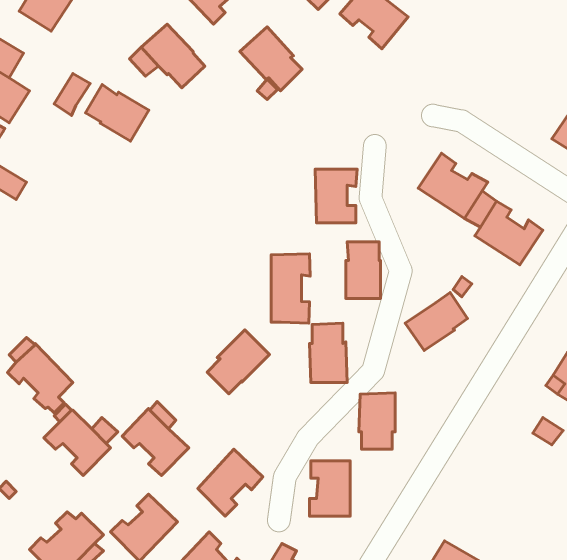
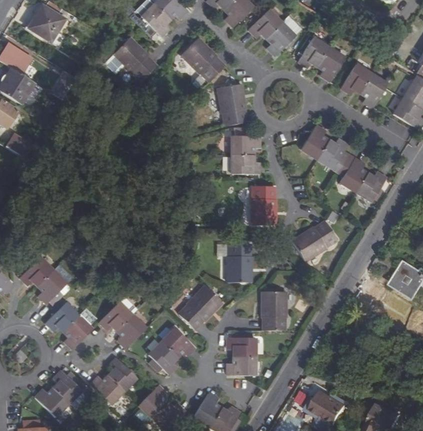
building: none -> [299,37,346,81]
building: none -> [342,64,388,108]
building: [86,84,149,141] -> none
building: none -> [216,83,246,126]
building: [271,254,310,323] -> none
building: [207,330,269,394] -> [178,285,221,329]

